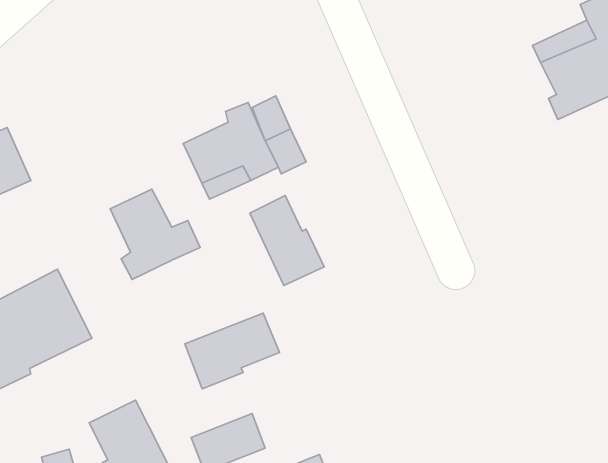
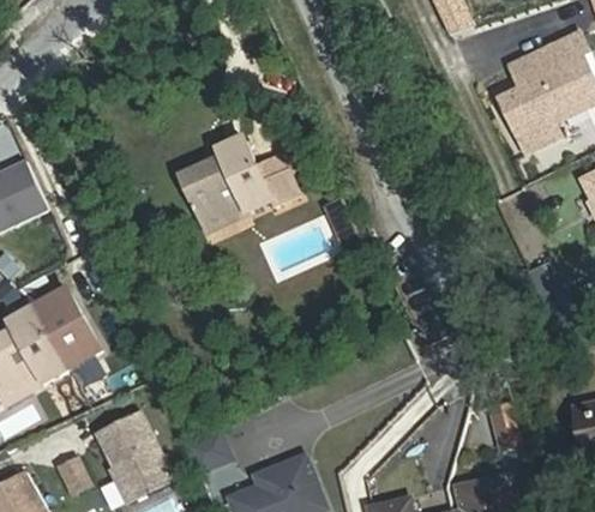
building: [110,189,200,280] -> none
building: [250,196,324,286] -> none
building: [185,313,280,389] -> none

